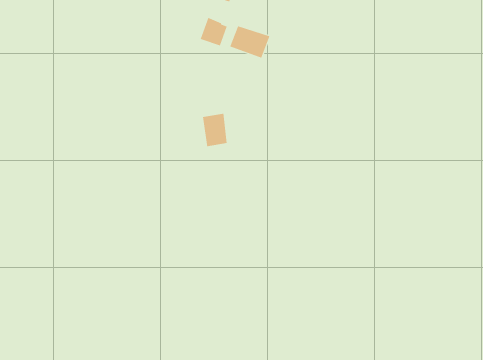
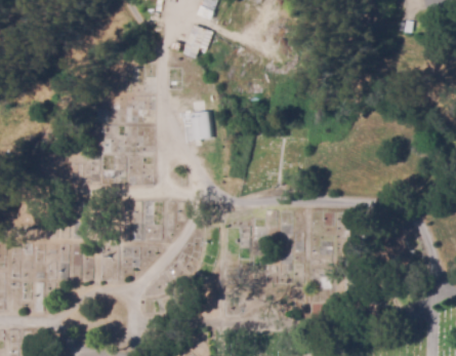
building: [230,25,270,59] -> none

